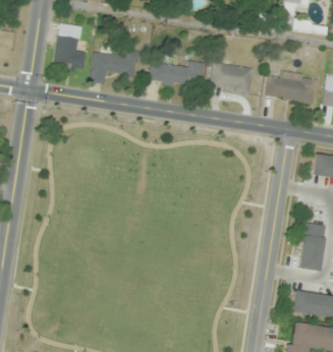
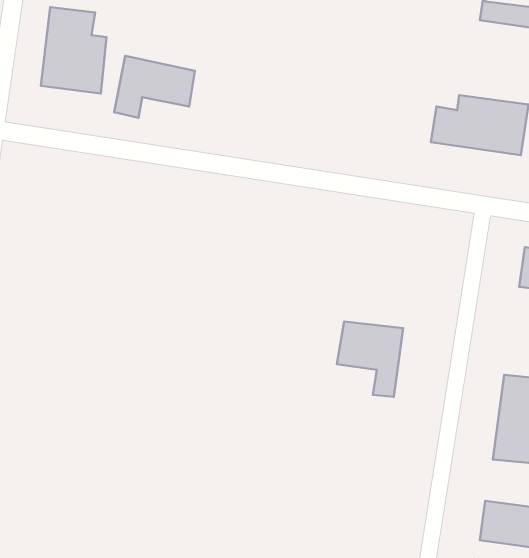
building: [150,61,205,87] -> none
building: [211,63,253,94] -> none
building: none -> [337,321,403,397]

